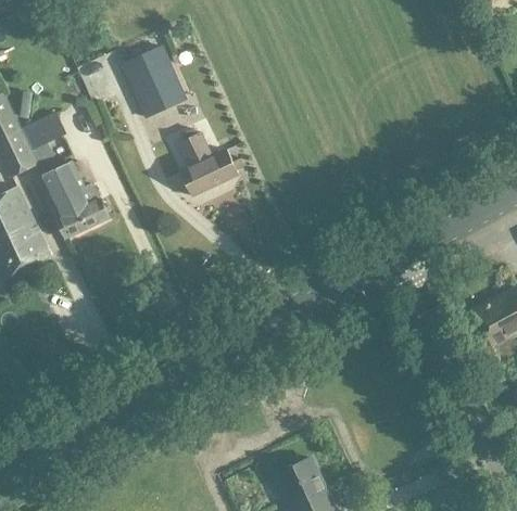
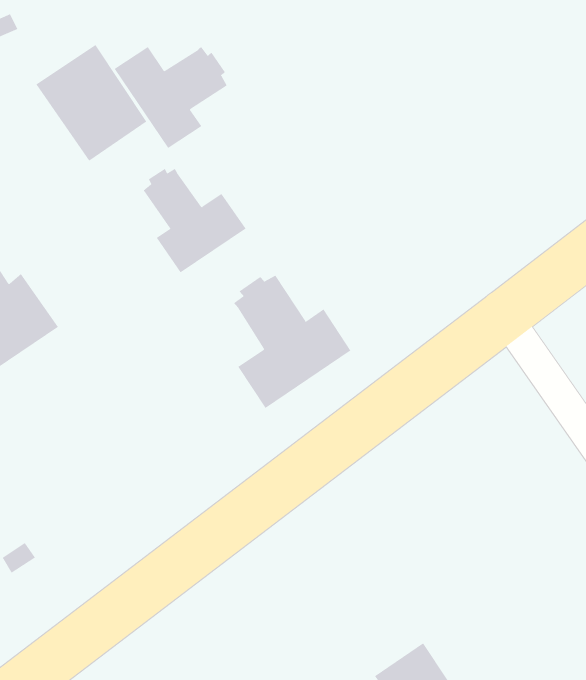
building: none -> [114,46,228,149]
building: none -> [233,275,351,409]

